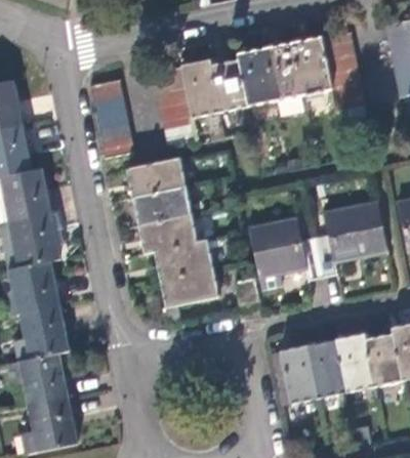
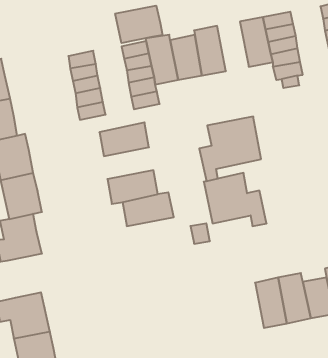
building: none -> [115,6,162,43]
building: [263,41,300,98] -> none
building: [132,186,190,223] -> none
building: [313,200,384,275] -> [199,117,261,181]
building: [159,267,218,305] -> none
building: [20,309,69,361] -> none
building: [278,343,318,402] -> none

